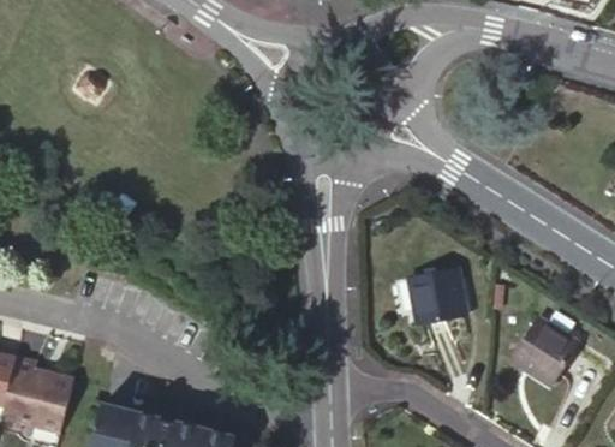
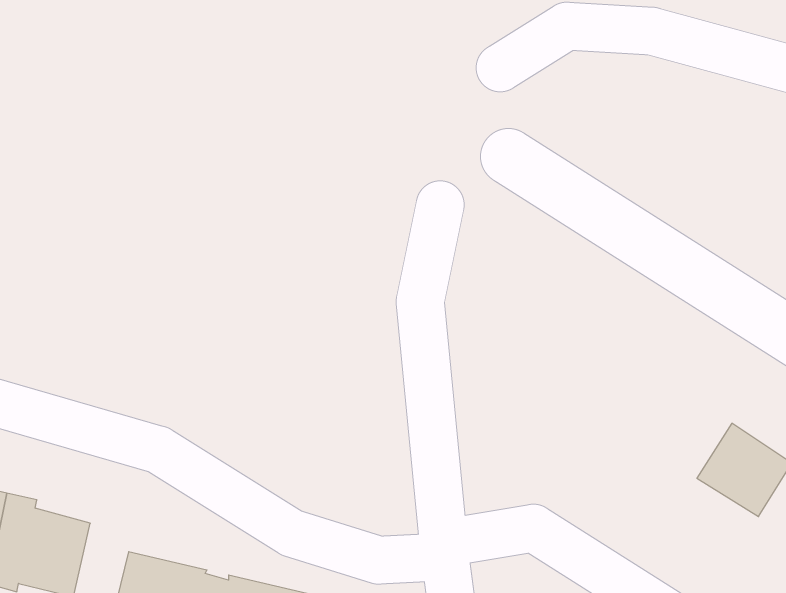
building: [406,262,465,321] -> none

